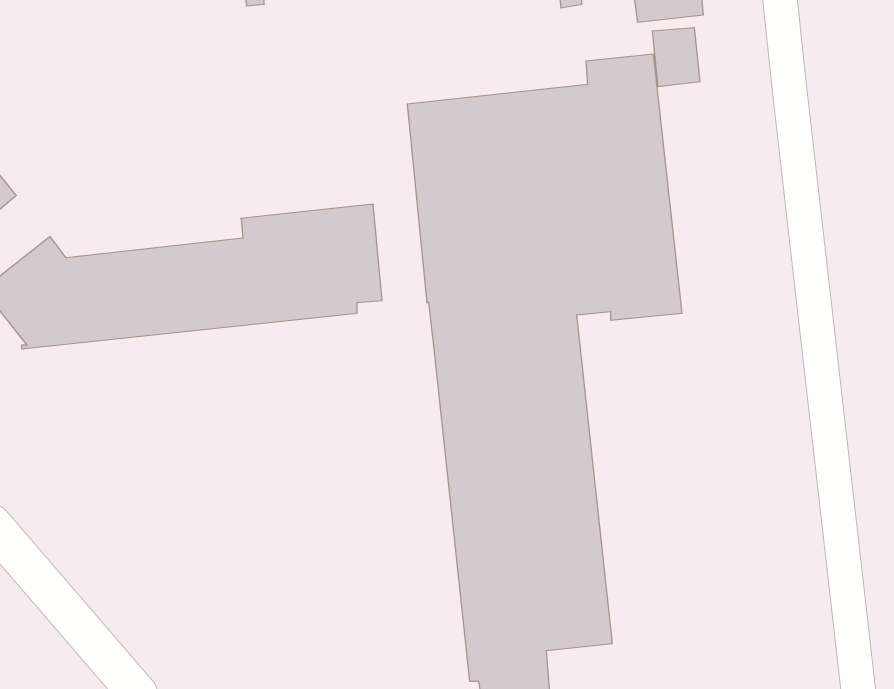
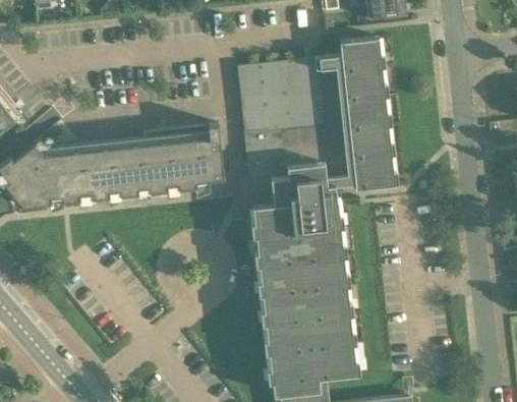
building: [652,27,700,87] -> none

